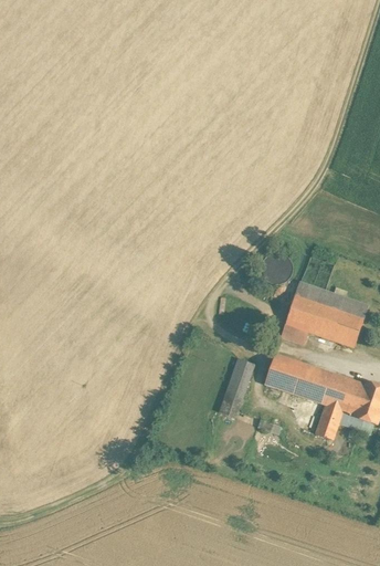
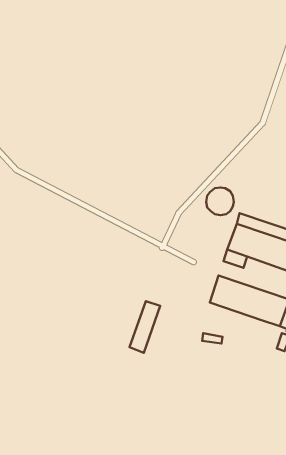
building: [219,358,254,418] -> [129,301,160,353]
building: [315,405,342,439] -> none

